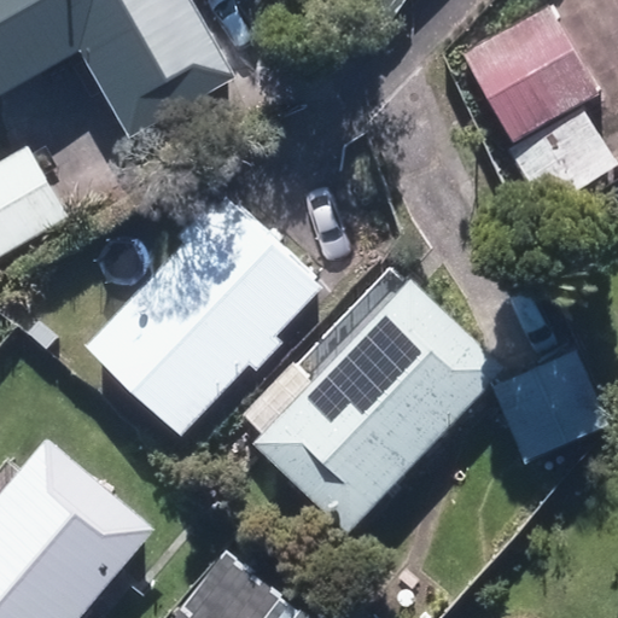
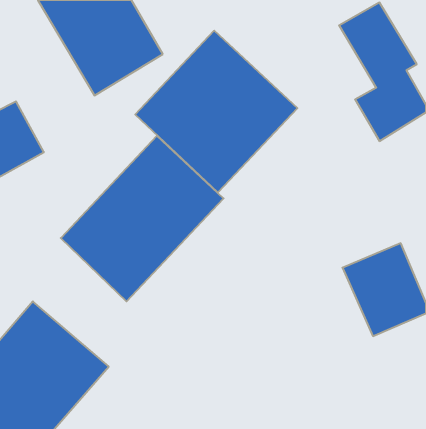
building: none -> [135,31,297,193]
building: [253,278,499,531] -> none

